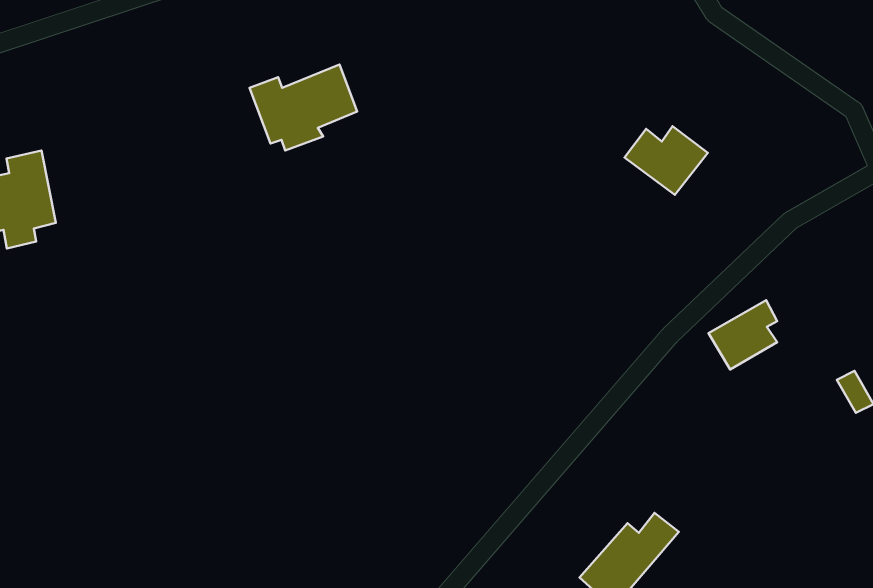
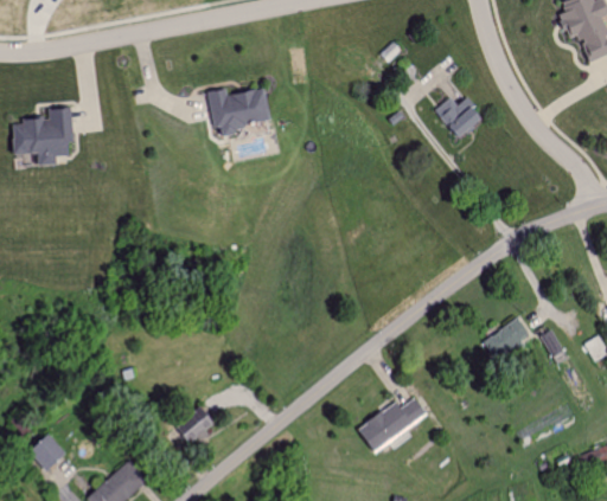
building: [624,126,708,195] -> [432,95,484,139]
building: [708,300,777,370] -> [483,321,526,360]

